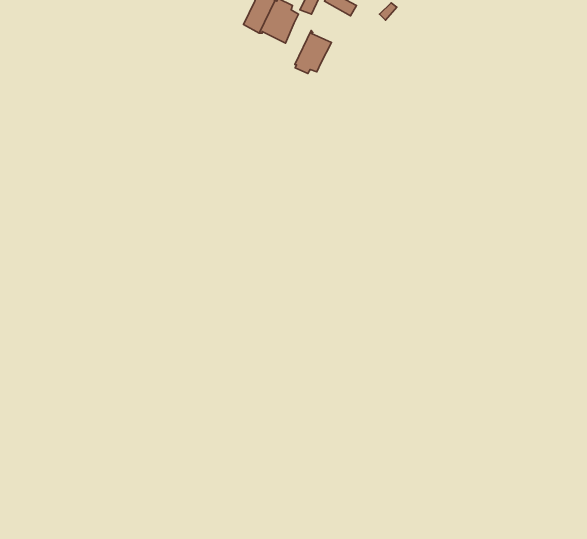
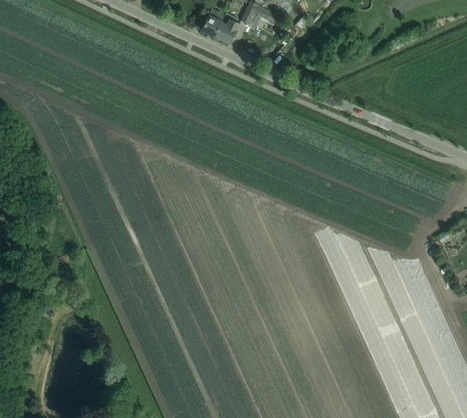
building: [295,30,332,73] -> none

